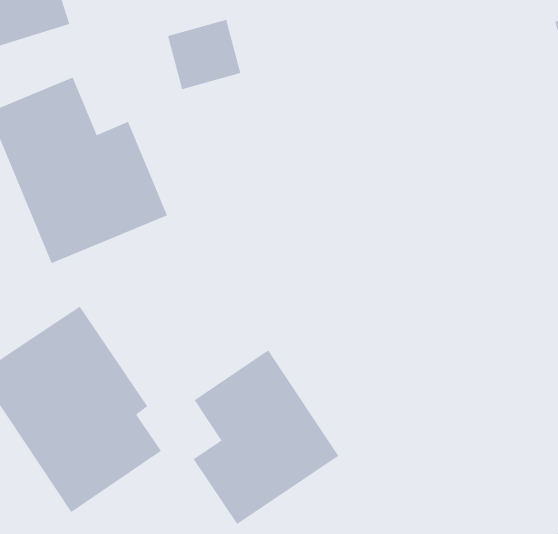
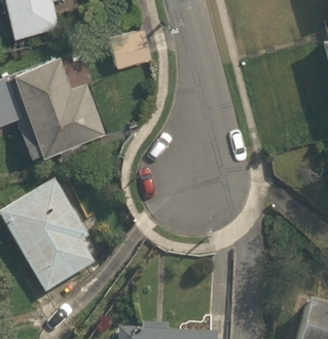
building: [193,350,339,525] -> none

